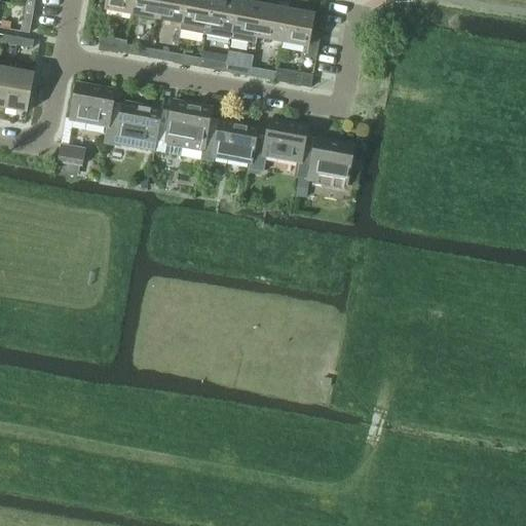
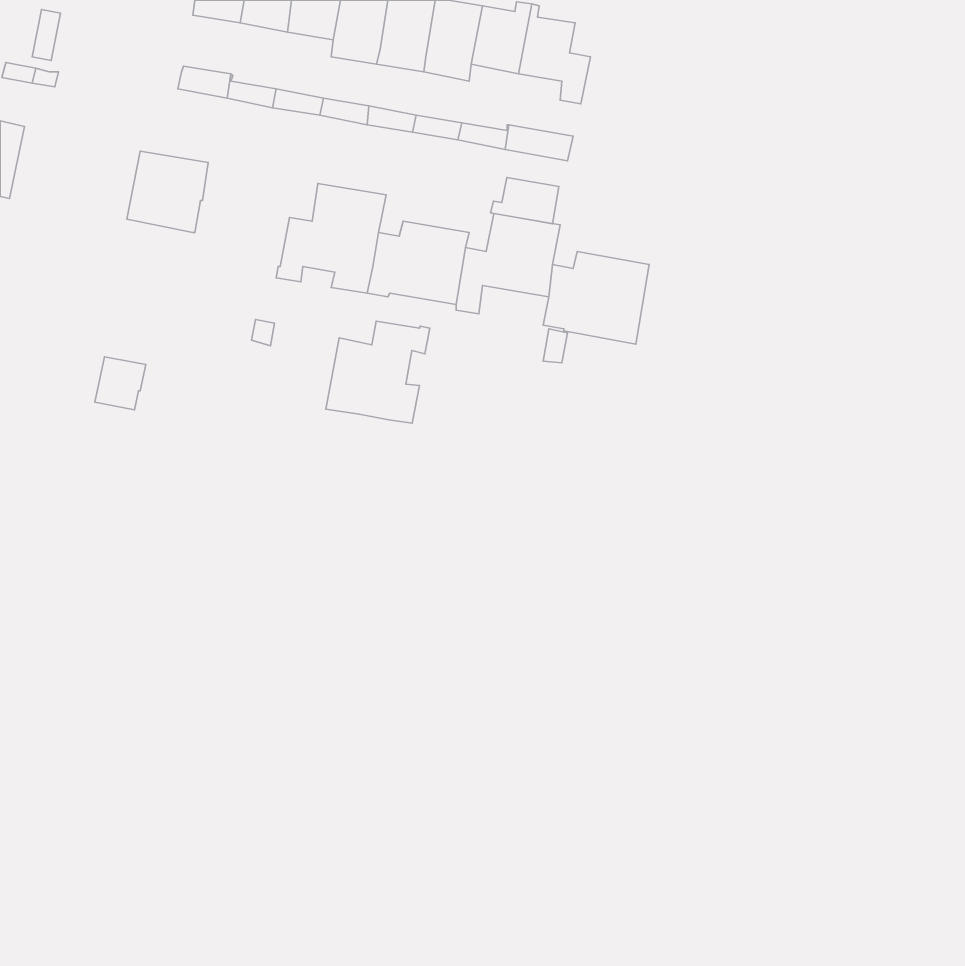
building: [6,69,33,112] -> none
building: none -> [491,178,559,224]
building: [104,103,160,151] -> none
building: [57,148,84,177] -> [95,357,146,410]
building: none -> [326,321,430,423]

